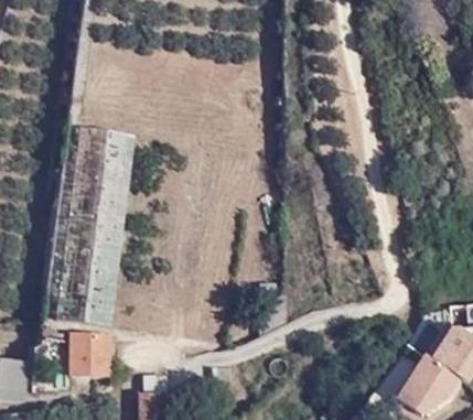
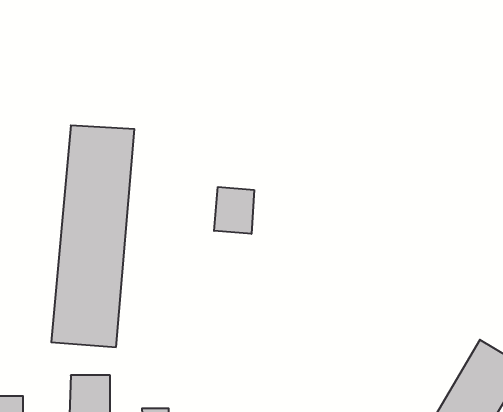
building: none -> [214,187,254,234]

